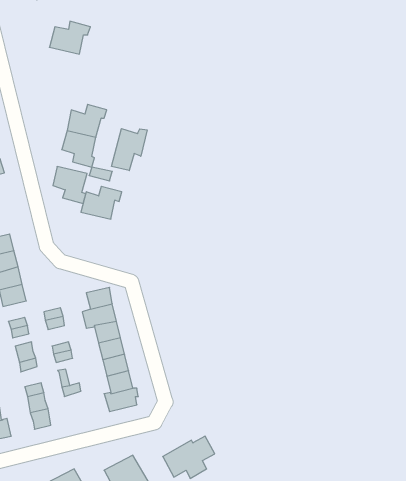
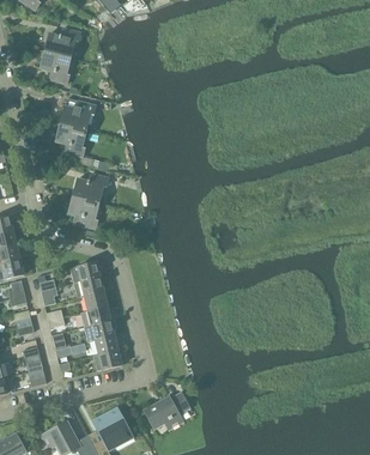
building: none -> [40,50,71,83]
building: [112,129,147,171] -> none
building: [53,167,87,203] -> [68,195,98,228]

